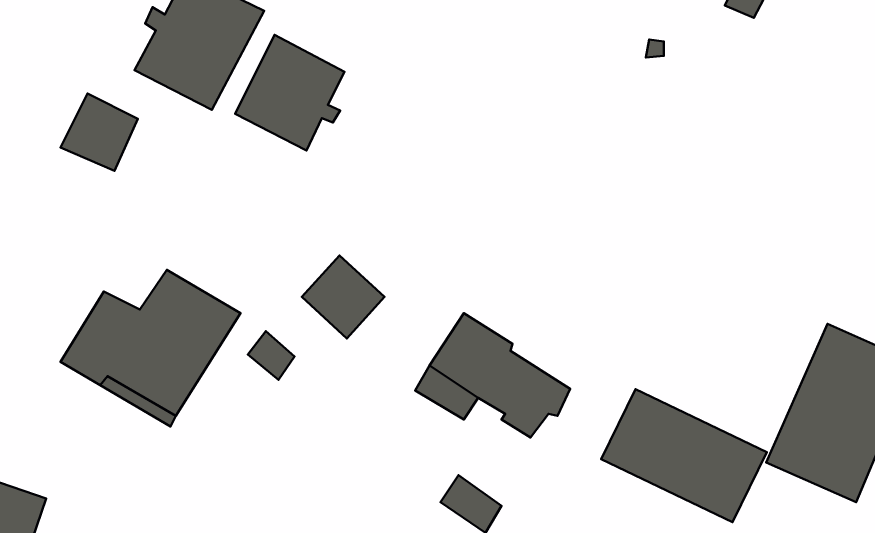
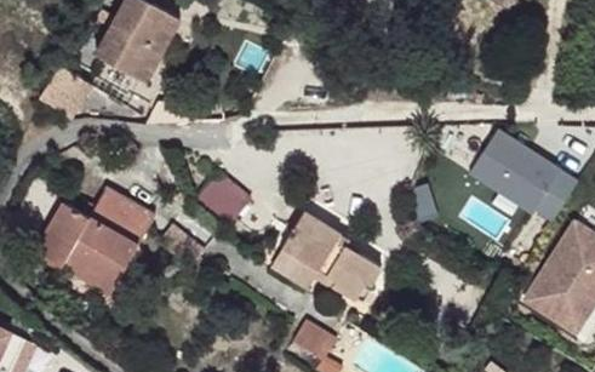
building: [235,35,344,150] -> none
building: [601,389,767,522] -> [460,135,572,224]

